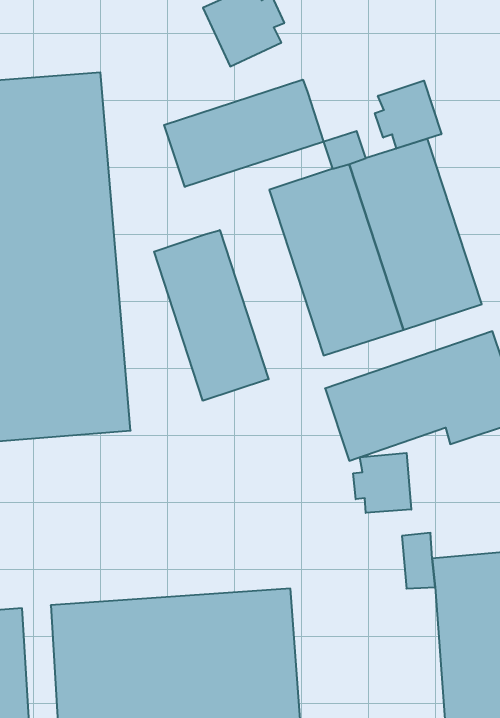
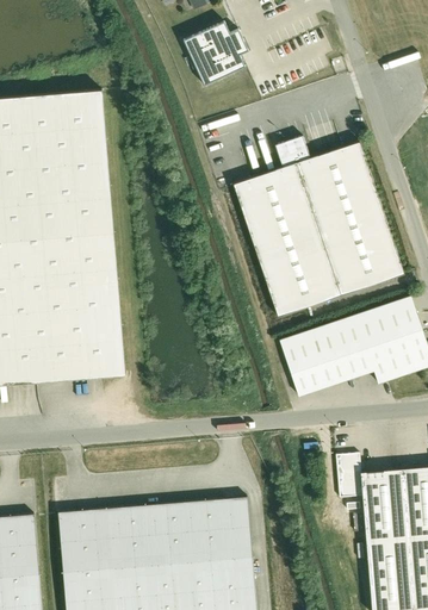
building: [164,80,324,187] -> none
building: [375,81,441,149] -> none
building: [154,230,269,401] -> none
building: [353,453,411,513] -> none

